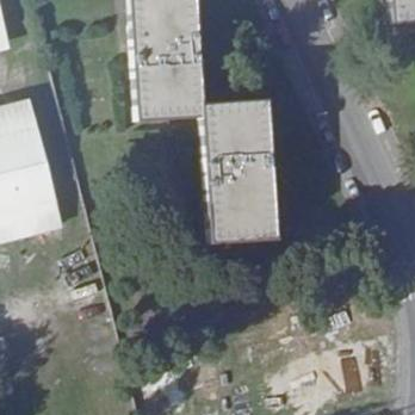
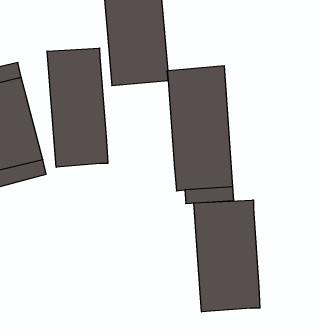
building: none -> [47,48,108,167]
building: none -> [194,200,260,312]

